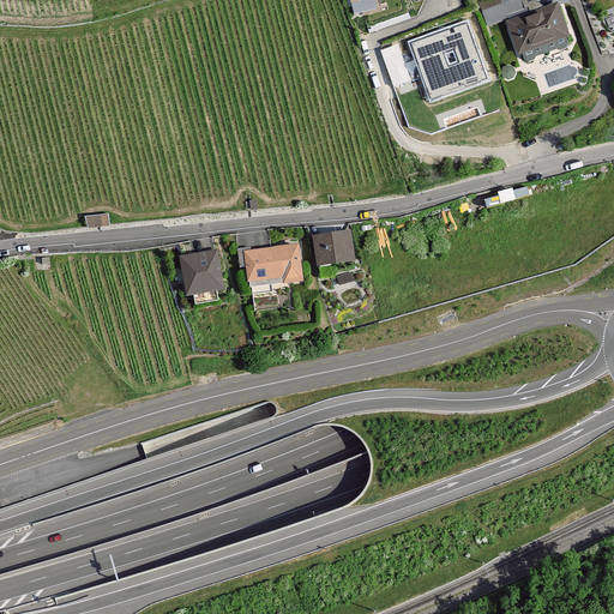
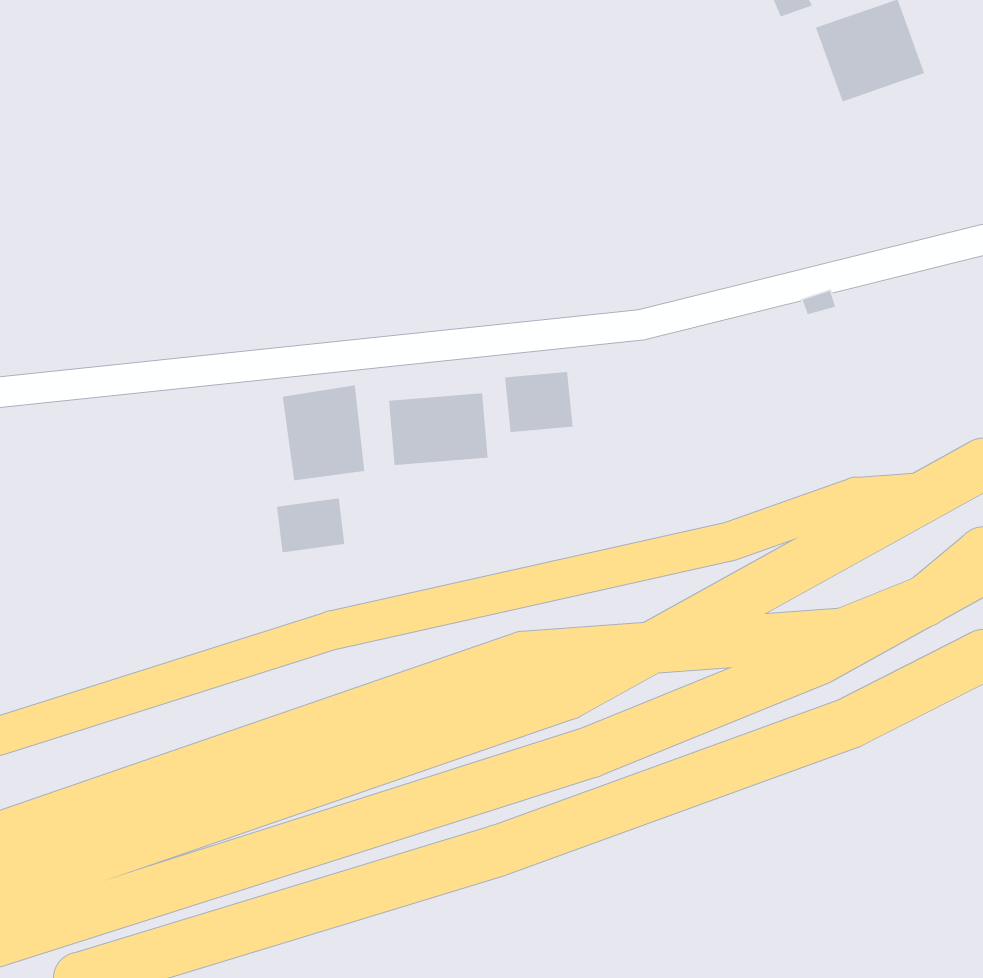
building: [407,14,487,94] -> none
building: none -> [276,498,345,553]

